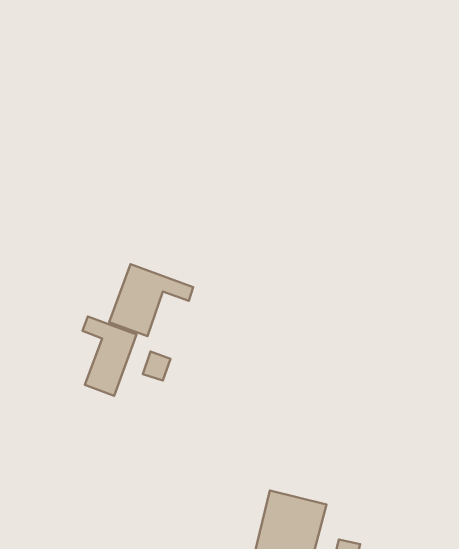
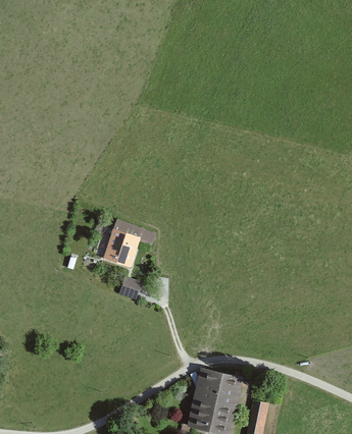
building: [82,317,137,396] -> none

